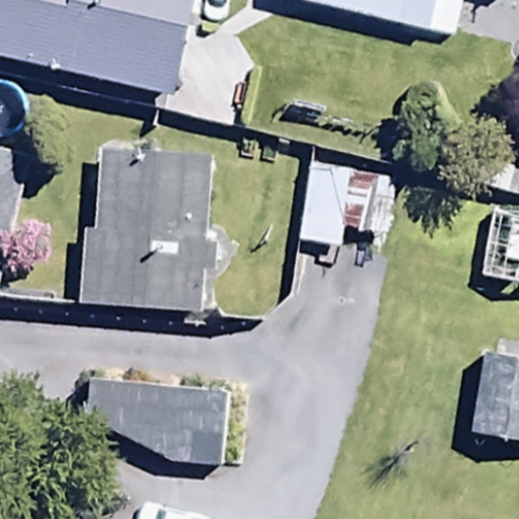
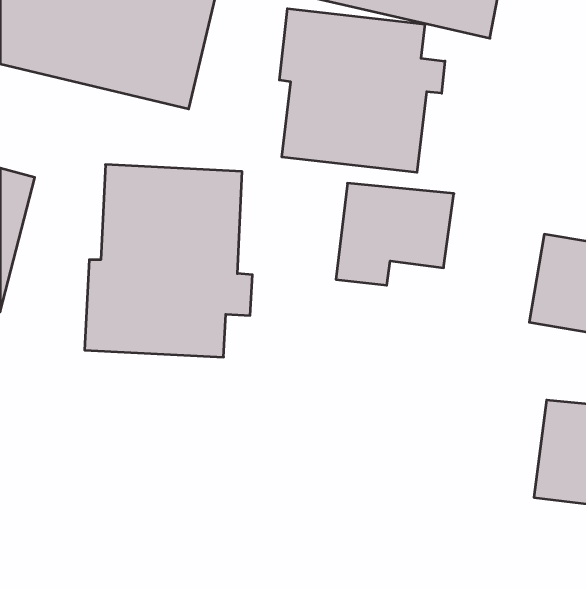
building: none -> [279,9,445,172]
building: [89,372,230,463] -> none

